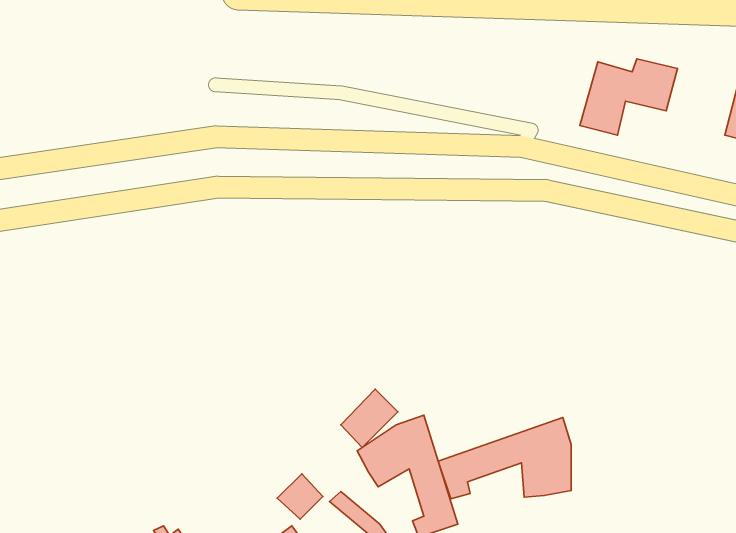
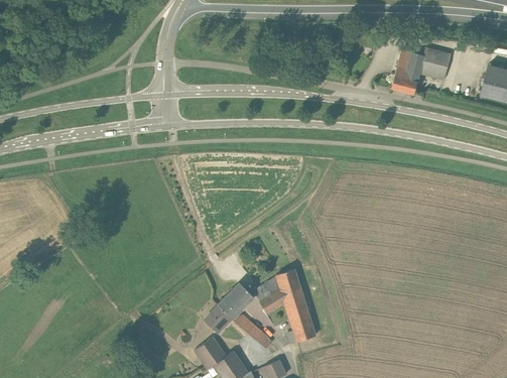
building: [341,389,398,448] -> [219,282,254,319]
building: [438,418,571,499] -> none

